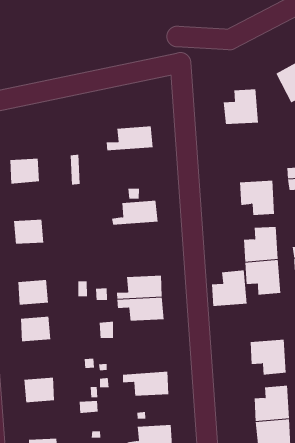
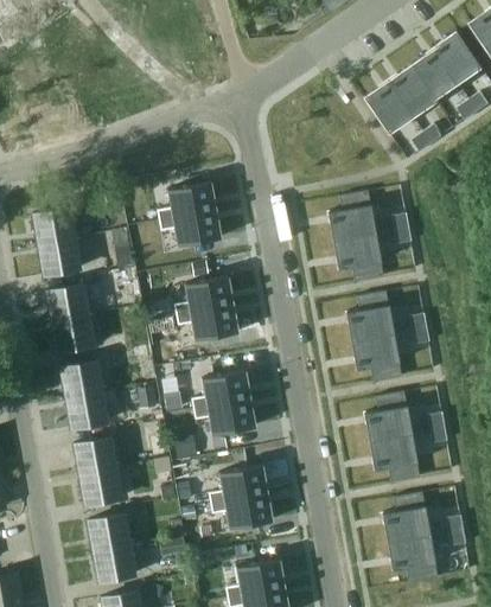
building: [223,89,259,125] -> [327,191,376,241]
building: none -> [32,209,75,244]
building: none -> [160,209,224,245]
building: none -> [46,285,88,321]
building: none -> [178,302,241,339]
building: none -> [59,362,102,398]
building: [211,270,247,307] -> [364,391,413,442]
building: none -> [78,467,121,504]
building: none -> [209,464,269,501]
building: none -> [93,544,135,581]

